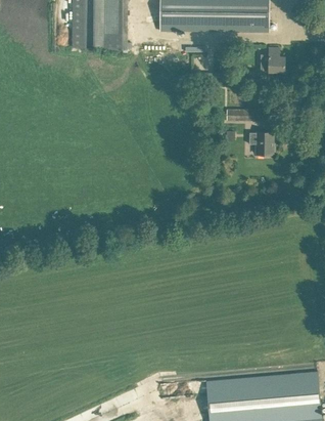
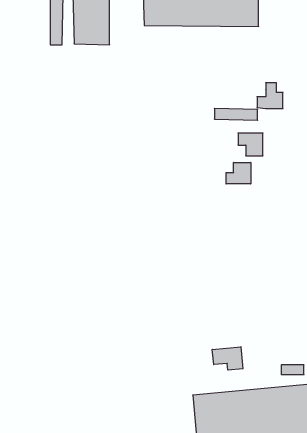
building: [260,47,284,72] -> [257,83,283,109]
building: none -> [226,162,251,184]
building: none -> [212,347,243,370]

